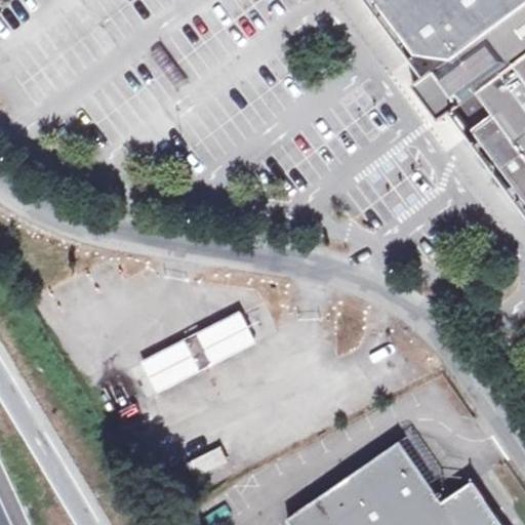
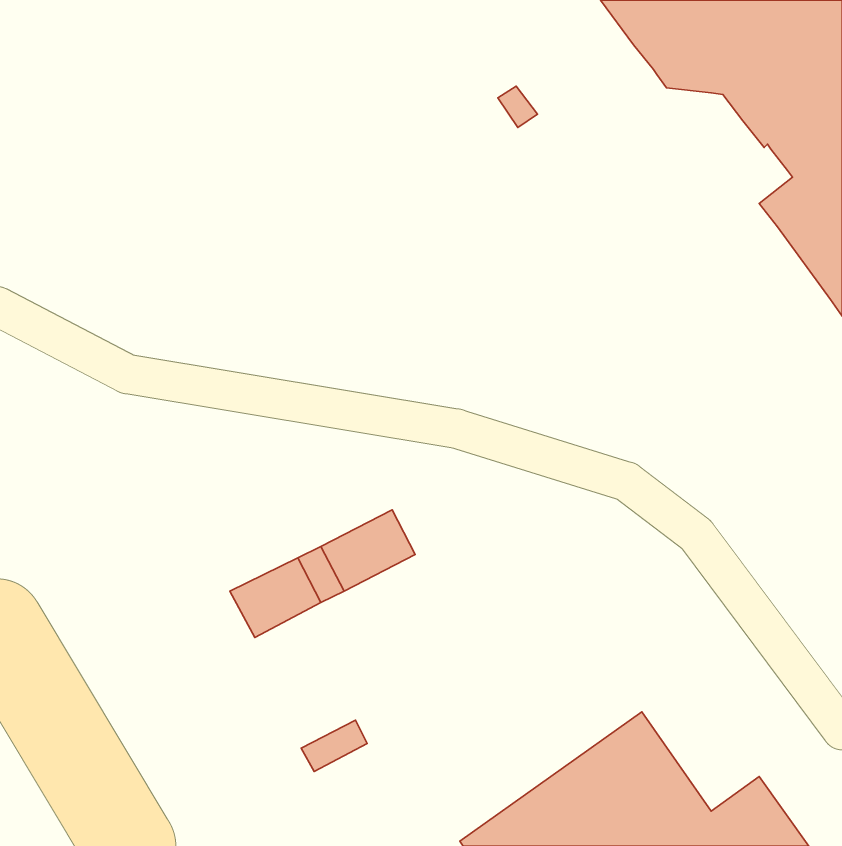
building: [413,58,474,118] -> none

